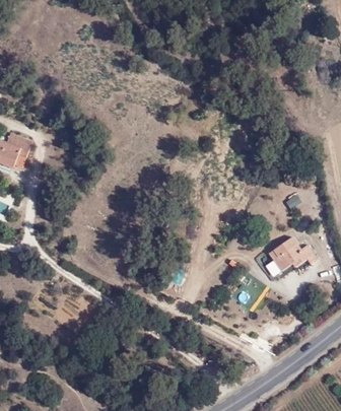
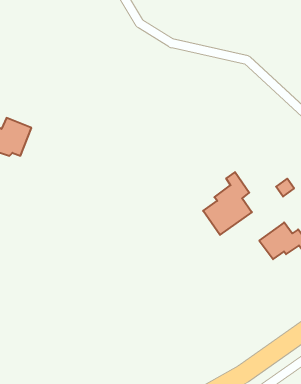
building: none -> [203,172,252,235]

